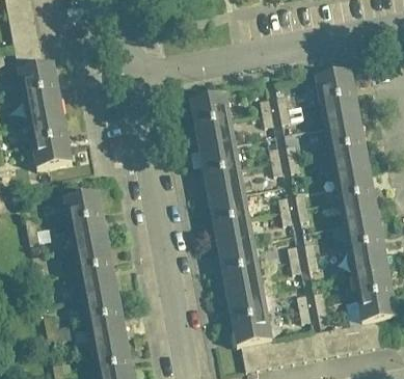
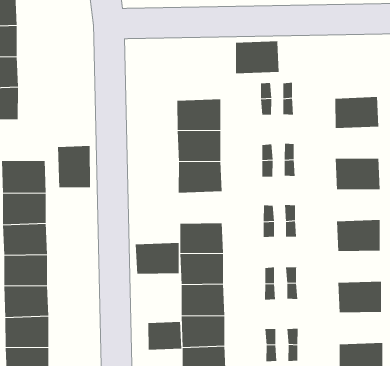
building: [317,76,356,108] -> none
building: [191,99,232,131] -> [234,41,280,74]
building: [326,125,366,156] -> none
building: [335,174,375,206] -> none
building: none -> [57,145,90,188]
building: [210,197,249,228] -> [135,242,179,274]
building: [345,223,384,254] -> none
building: [354,272,394,303] -> none
building: none -> [148,321,182,351]

